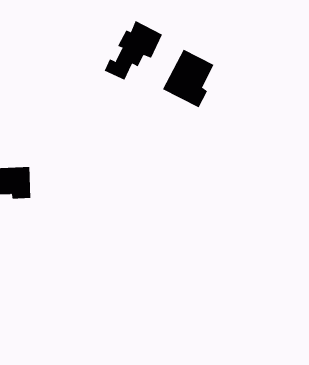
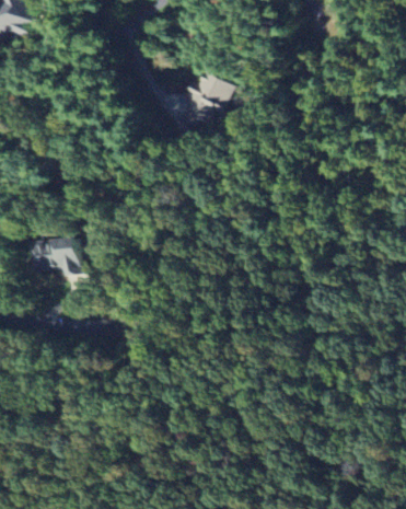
building: [162,49,214,108] -> none

